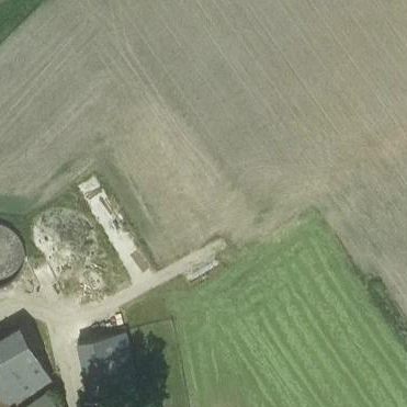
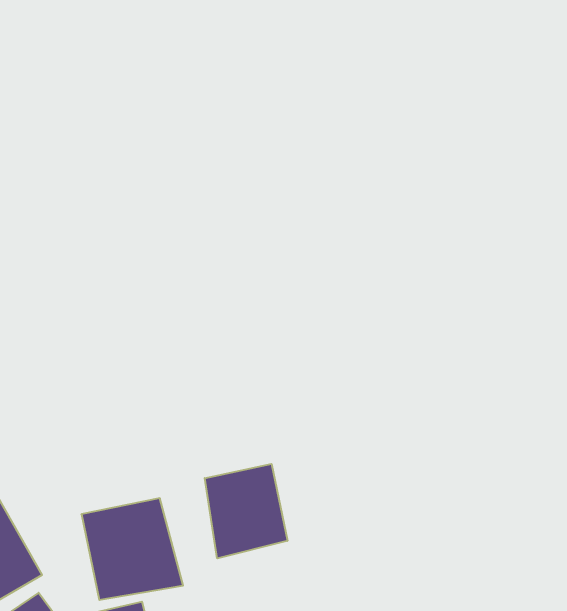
building: none -> [205,464,287,558]

